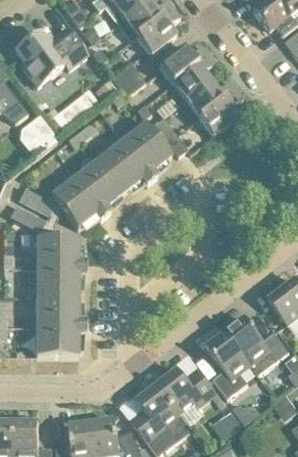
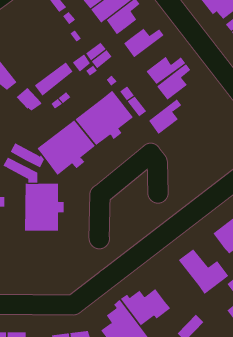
building: [15,27,86,85] -> none
building: [173,54,215,99] -> [148,98,182,135]
building: [36,296,86,356] -> none
building: [206,332,251,399] -> none

